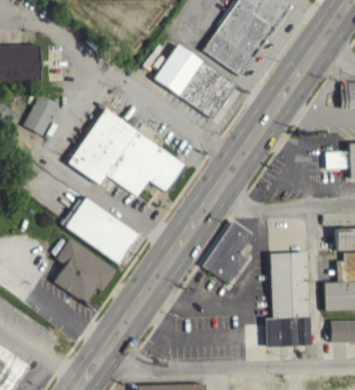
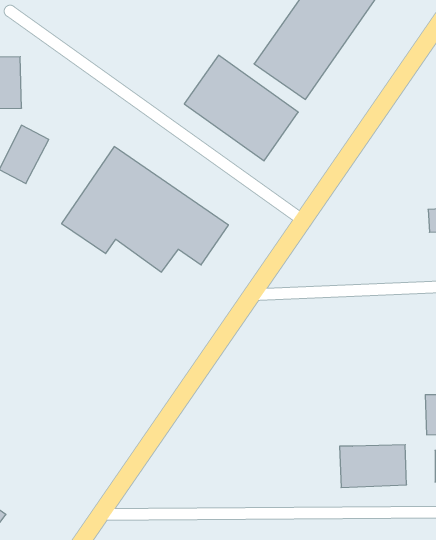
building: [65,197,138,264] -> none
building: [202,220,252,284] -> none
building: [53,238,116,303] -> none
building: [269,252,309,318] -> none

